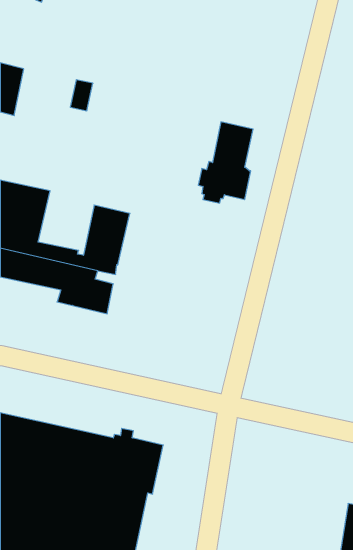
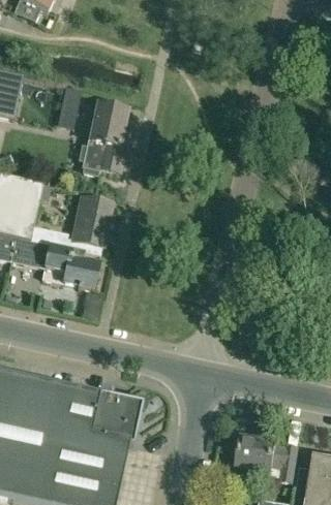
building: [198,122,253,203] -> [79,104,126,175]
building: none -> [237,436,299,480]

